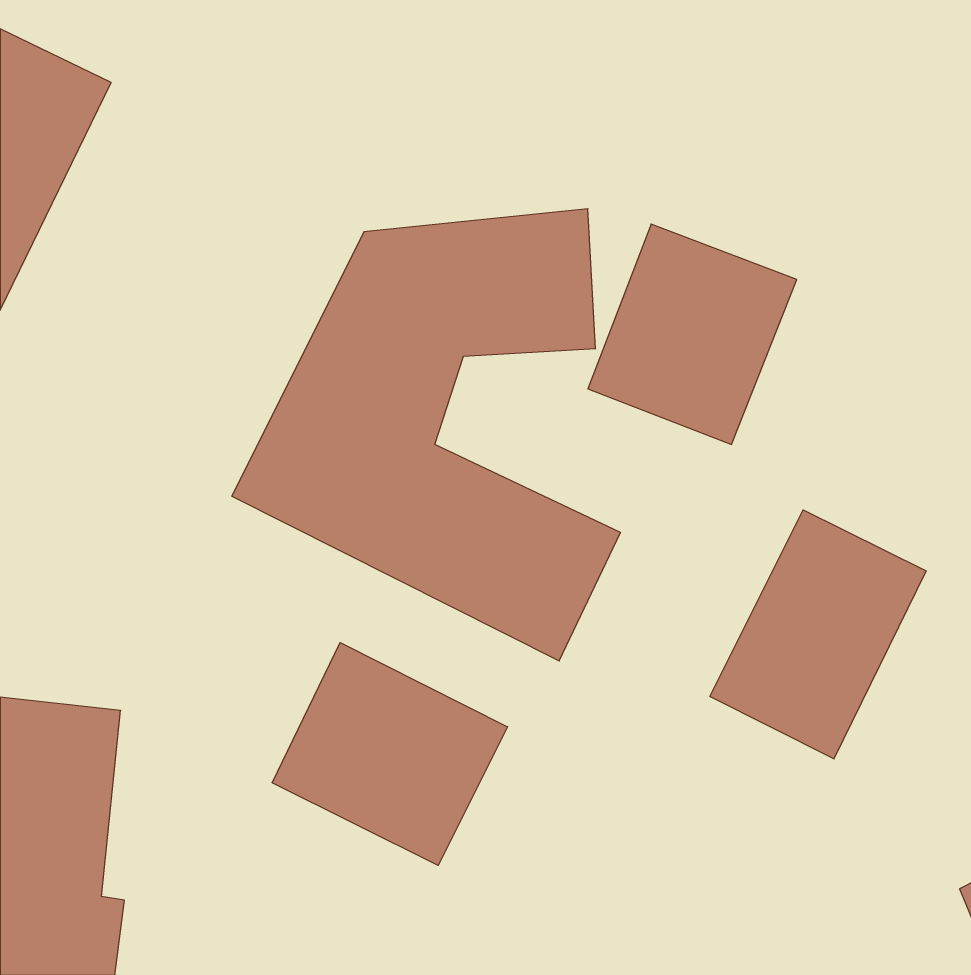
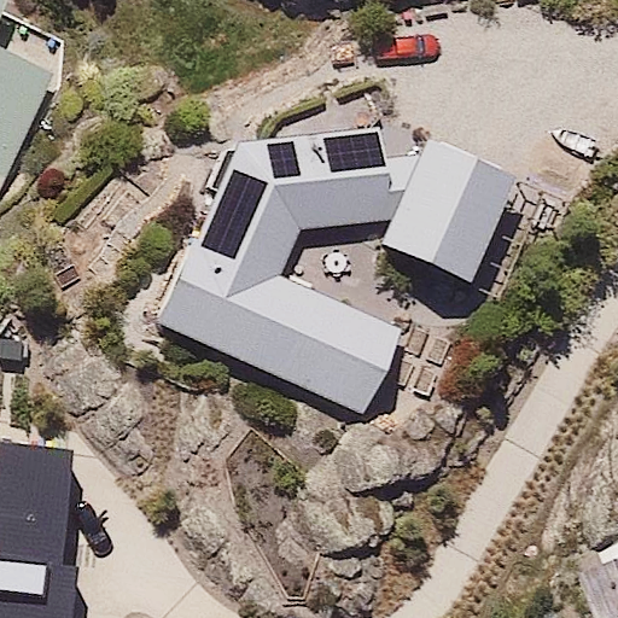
building: [710,510,926,759] -> none
building: [272,643,508,865] -> none

